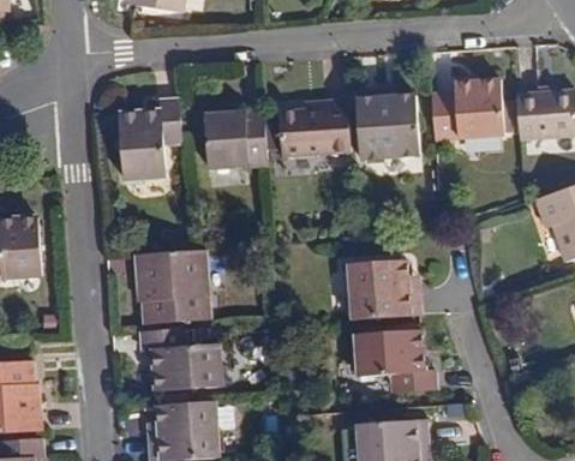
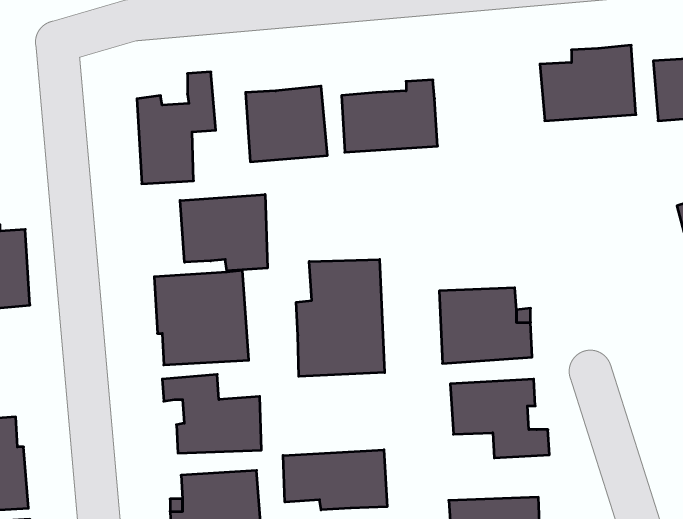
building: [347,85,419,157] -> none
building: none -> [180,194,267,271]
building: none -> [296,259,385,376]
building: none -> [283,450,387,510]

